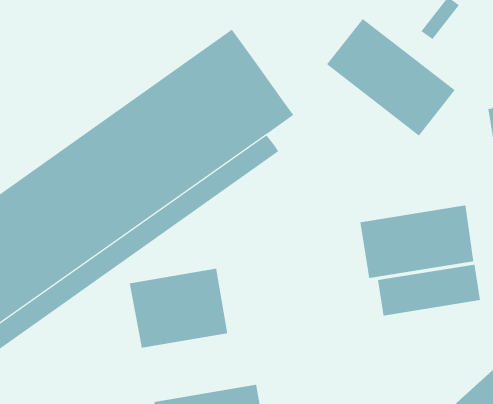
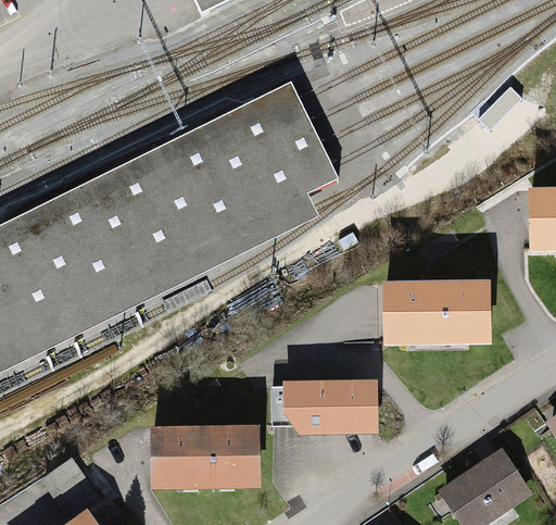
building: [326,18,456,136] -> none
building: [377,264,481,316] -> [273,389,372,426]
building: [129,268,228,349] -> none

